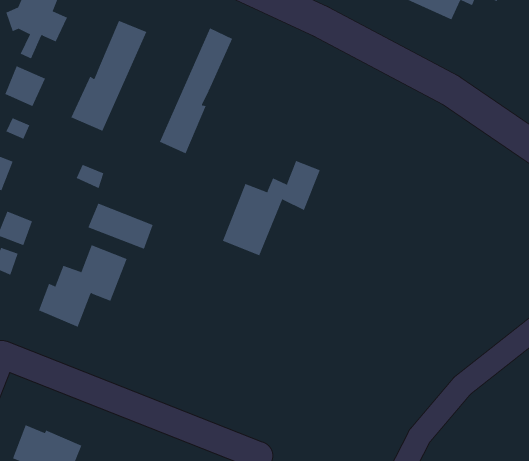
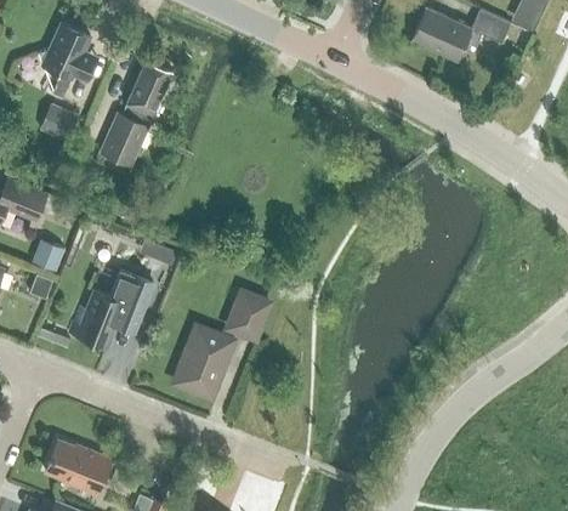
building: [159,27,233,154] -> none
building: [222,160,320,256] -> none
building: none -> [228,291,269,339]
building: none -> [175,327,233,397]

